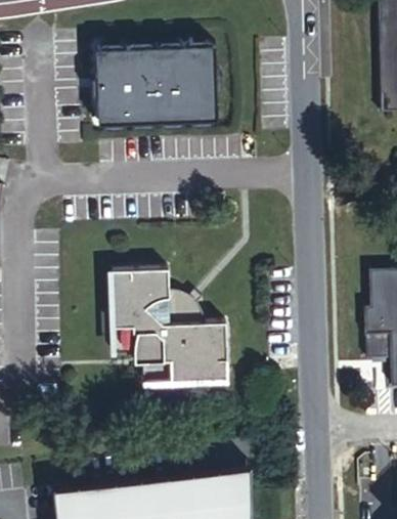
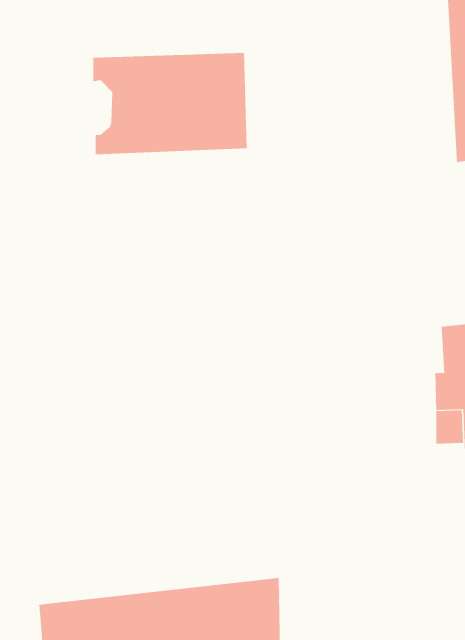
building: [116,278,228,390] -> none

